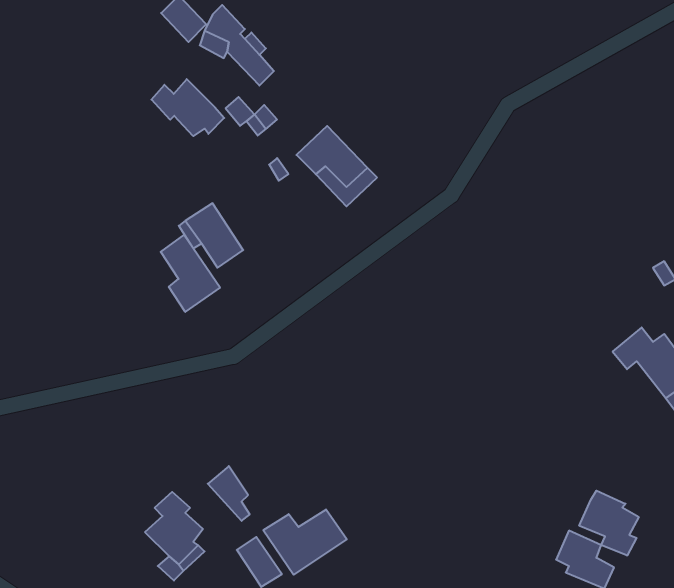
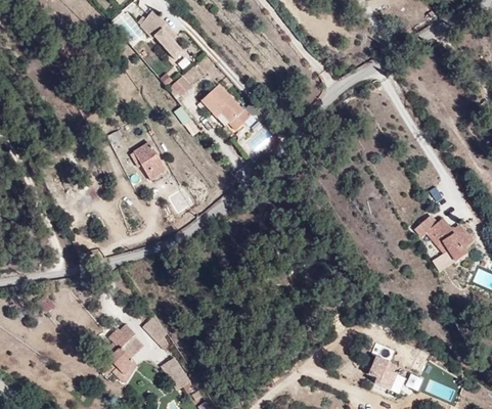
building: [151,79,224,136] -> none
building: [161,235,220,312] -> none
building: [579,491,639,556] -> none
building: [263,509,347,575] -> none

